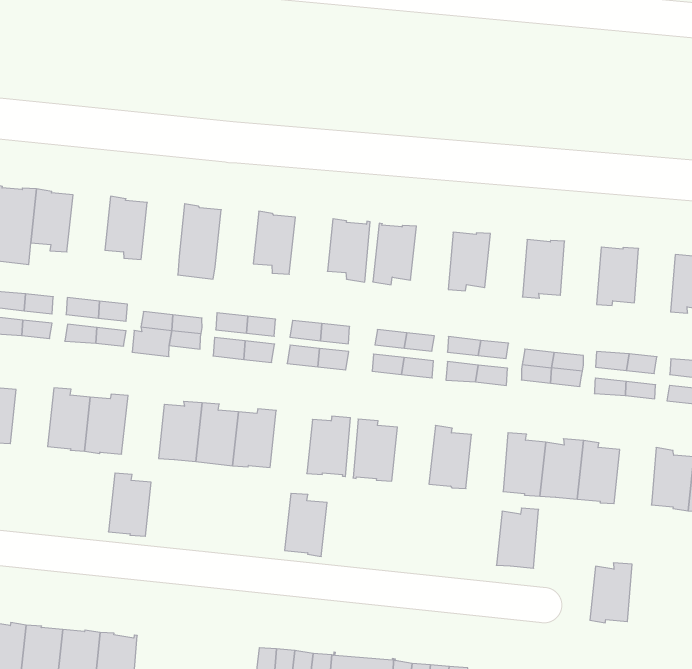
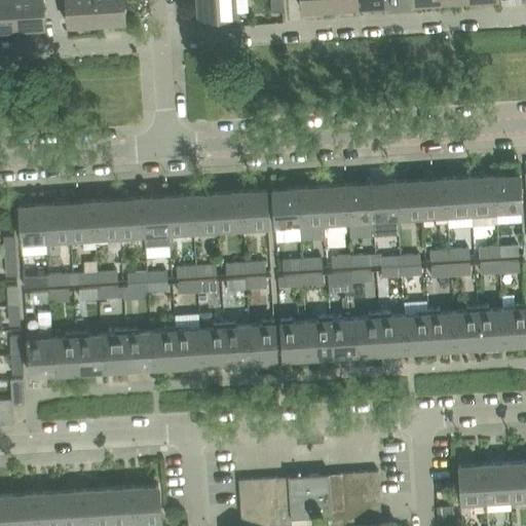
building: none -> [69,202,96,243]
building: none -> [118,199,145,240]
building: none -> [167,196,194,237]
building: none -> [217,193,243,234]
building: none -> [297,189,326,242]
building: none -> [346,186,375,239]
building: none -> [396,183,423,222]
building: none -> [445,179,473,219]
building: none -> [52,334,79,375]
building: none -> [306,317,333,359]
building: [108,473,151,536] -> [126,330,153,370]
building: [285,493,327,556] -> [225,324,252,363]
building: [496,508,539,568] -> [355,314,382,355]
building: [590,563,632,623] -> [454,308,481,349]

